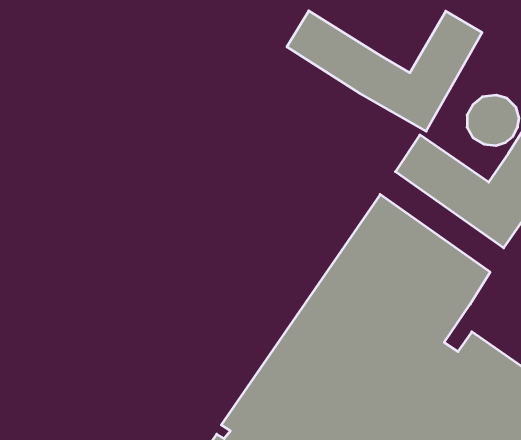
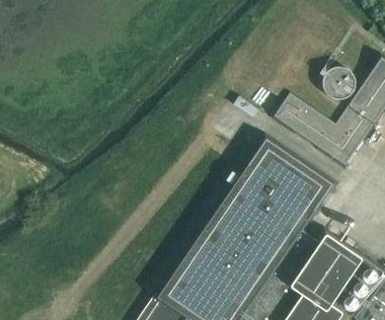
building: [287,11,482,131] -> none

